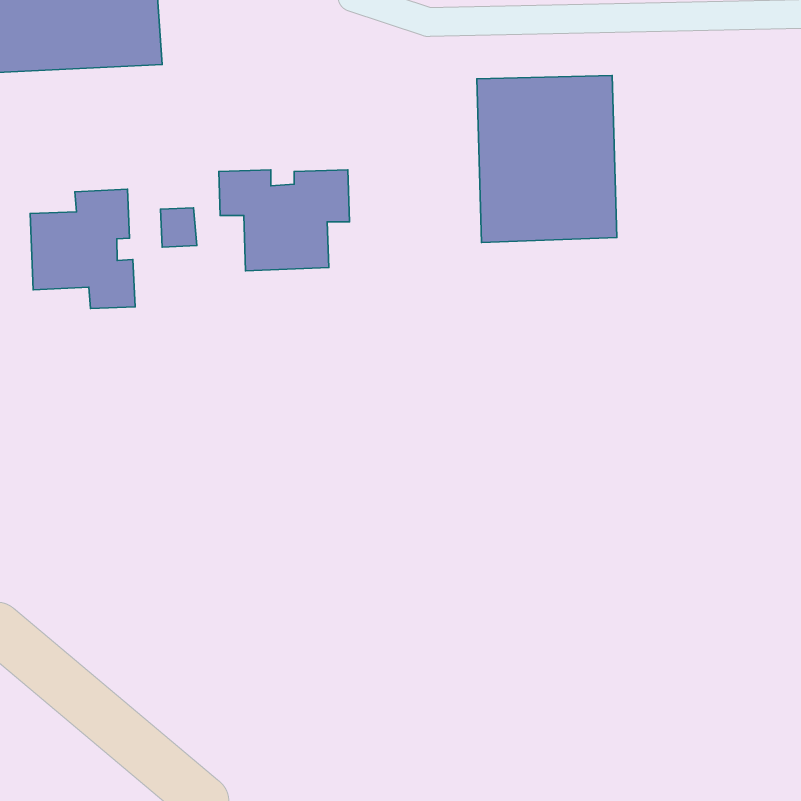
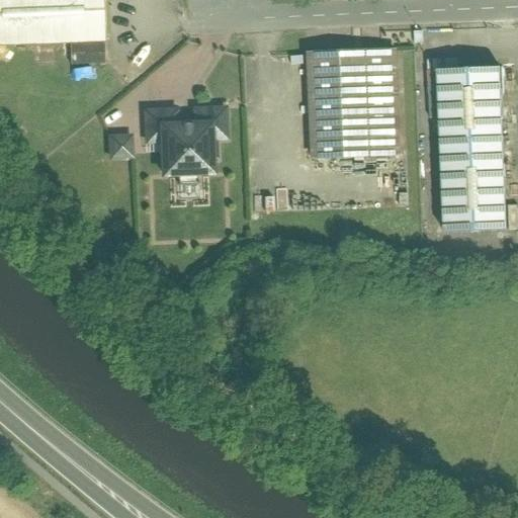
building: none -> [437,65,506,229]
building: [30,189,135,308] -> none

